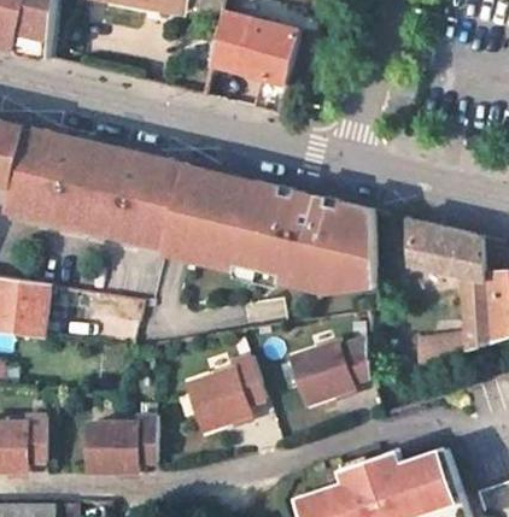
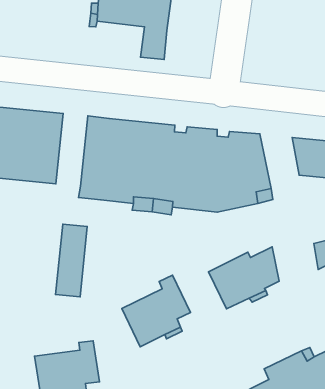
building: [139,160,183,242] -> [56,224,87,297]

